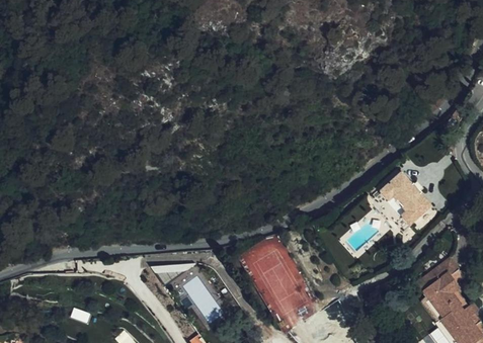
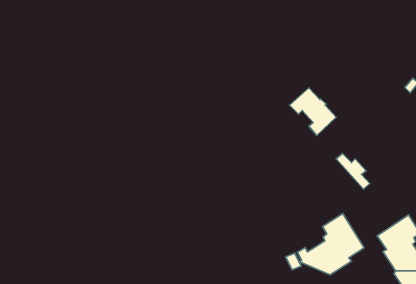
building: [381,173,432,226] -> [290,88,336,135]
building: none -> [298,213,364,275]

